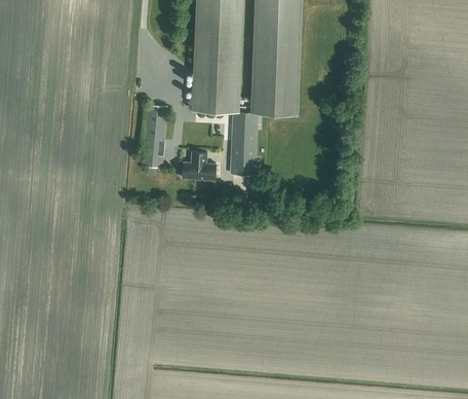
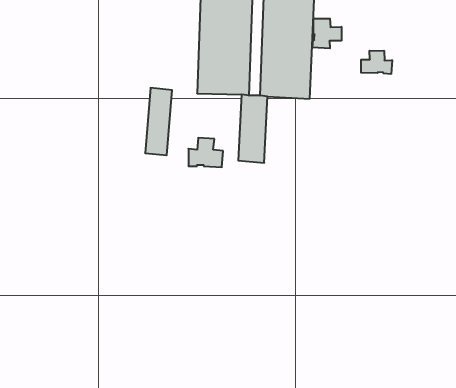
building: none -> [313,19,341,48]
building: none -> [361,51,392,74]

